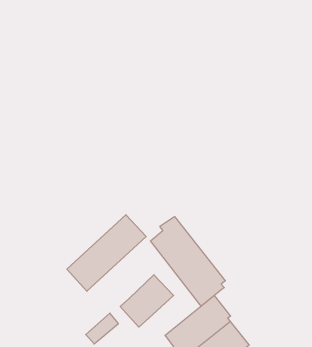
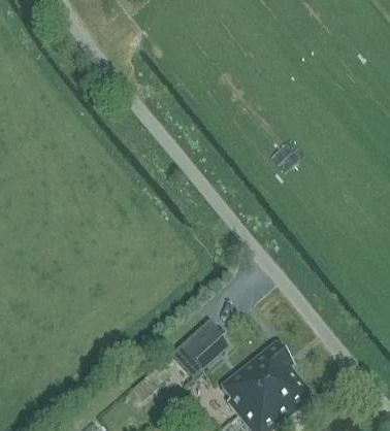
building: [67,215,146,291] -> none
building: [150,217,225,306] -> none

